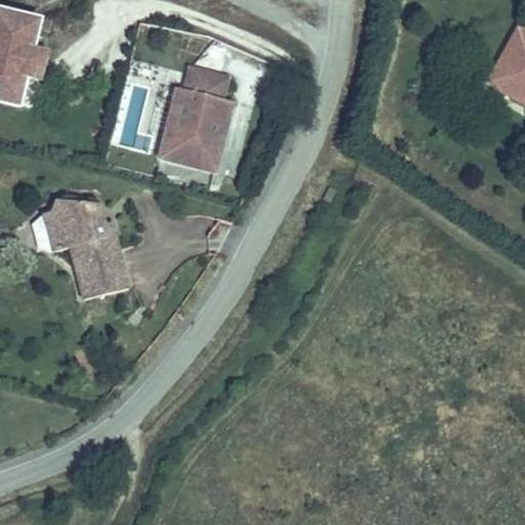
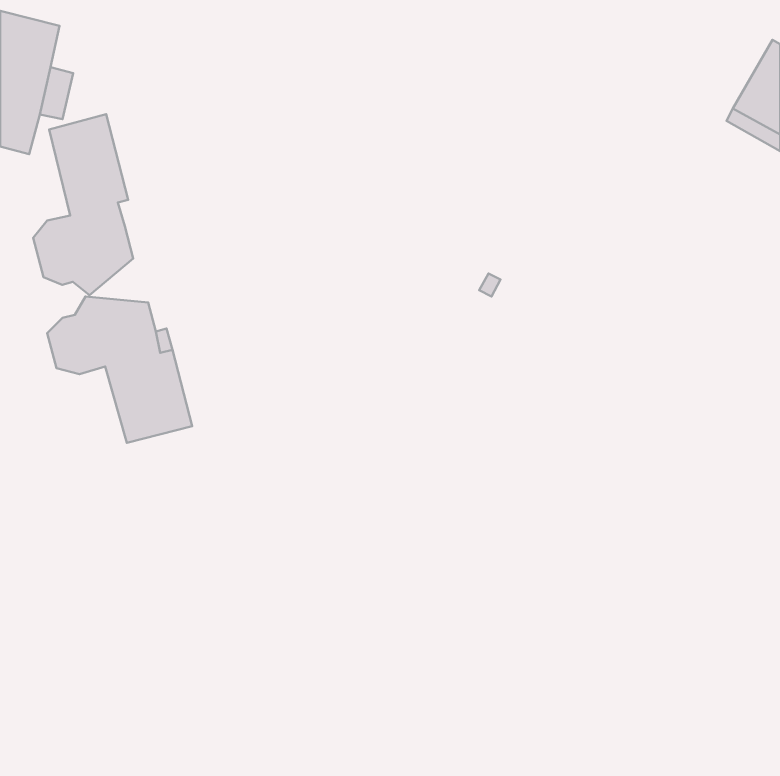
building: [159,67,232,171] -> none
building: none -> [33,114,133,295]

